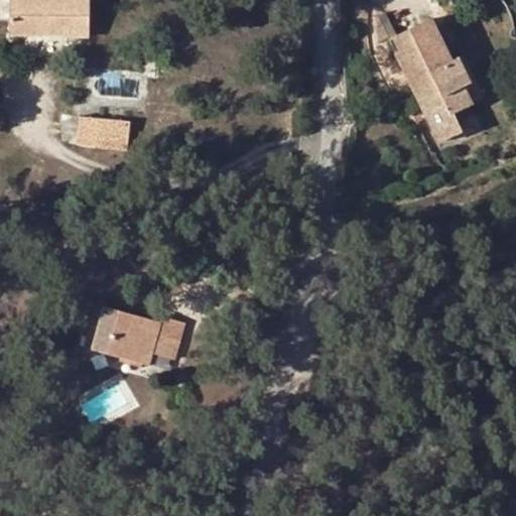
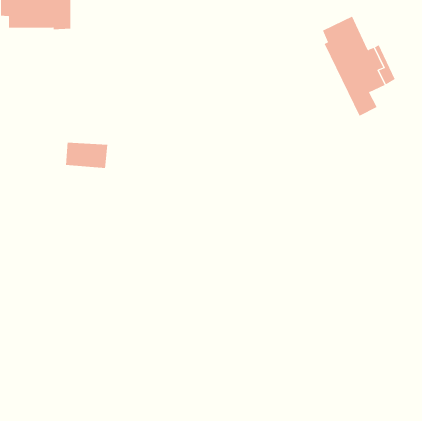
building: [78,118,130,150] -> [65,142,108,168]
building: [91,307,183,365] -> none

